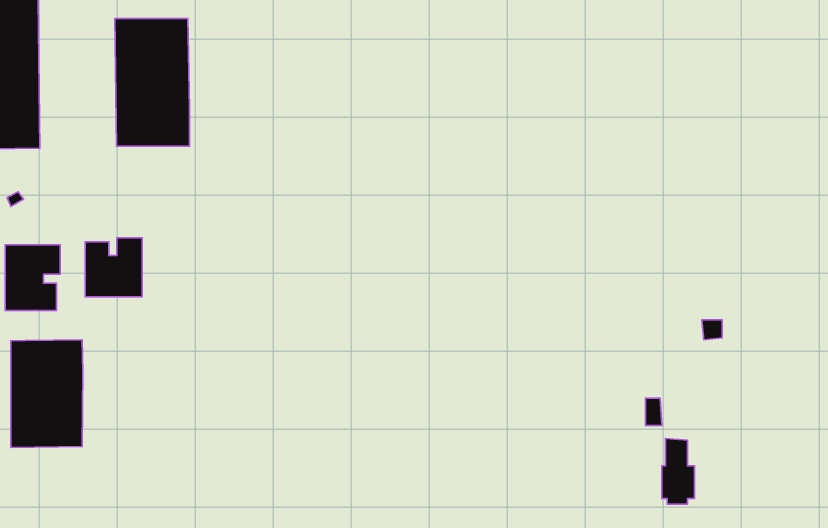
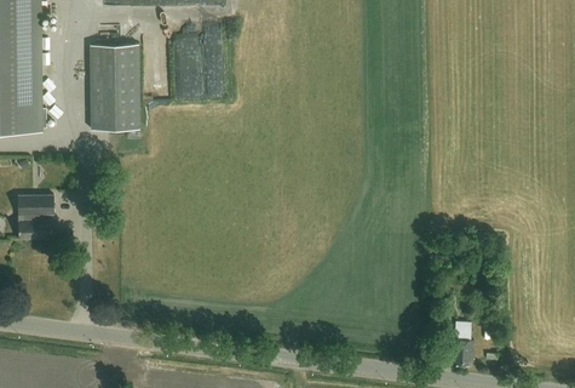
building: [85,238,142,297] -> none
building: [11,340,83,448] -> none

